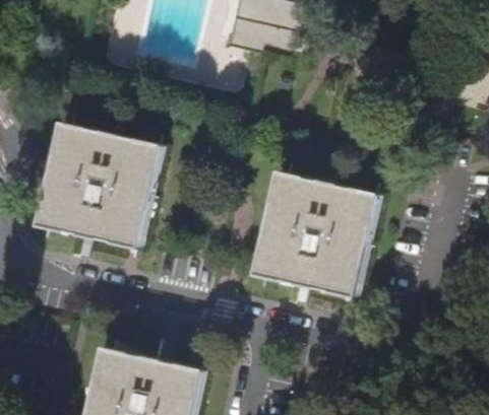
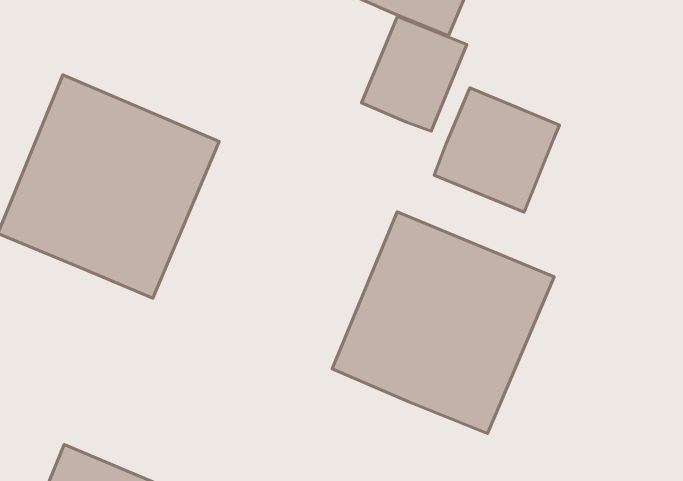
building: none -> [362,16,467,131]
building: none -> [434,88,560,212]

